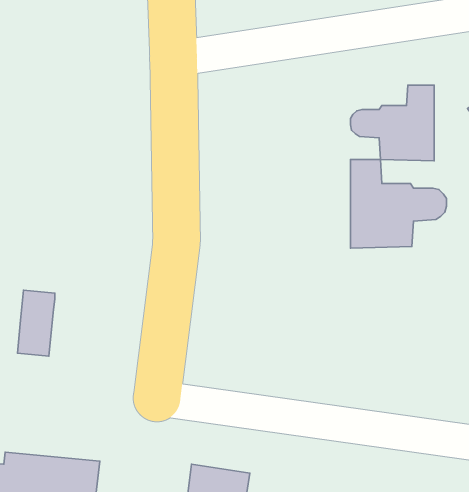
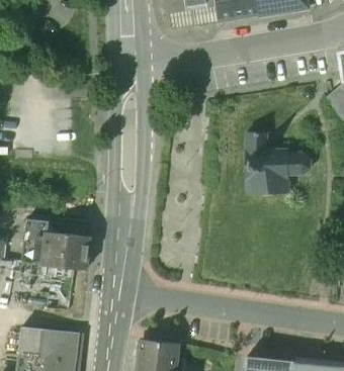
building: [350,85,434,161] -> none
building: none -> [46,234,92,269]

